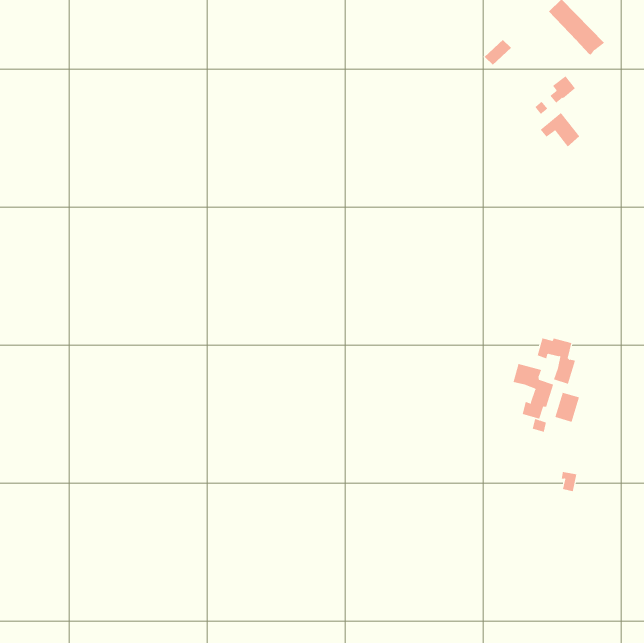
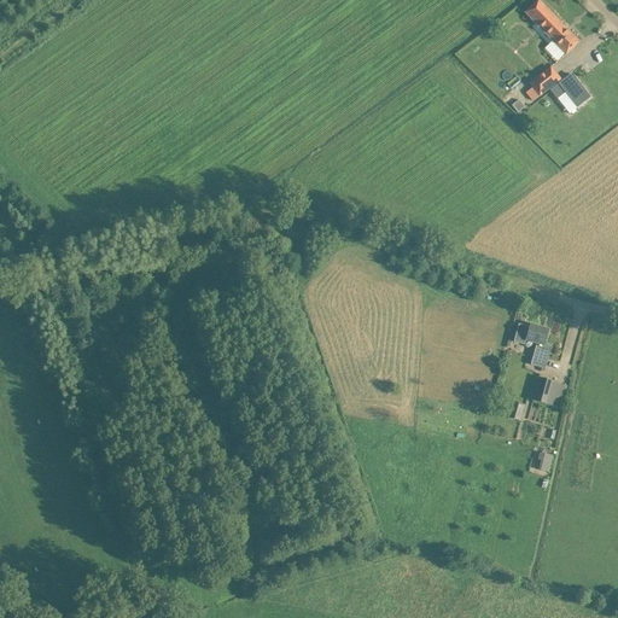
building: [540,112,580,147] -> [550,72,589,106]
building: [513,363,554,420] -> none

